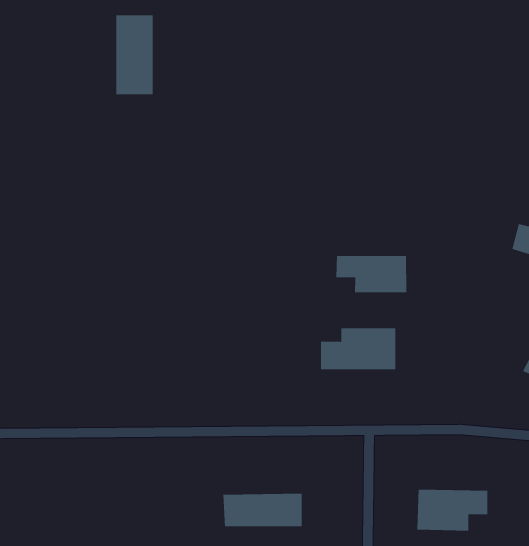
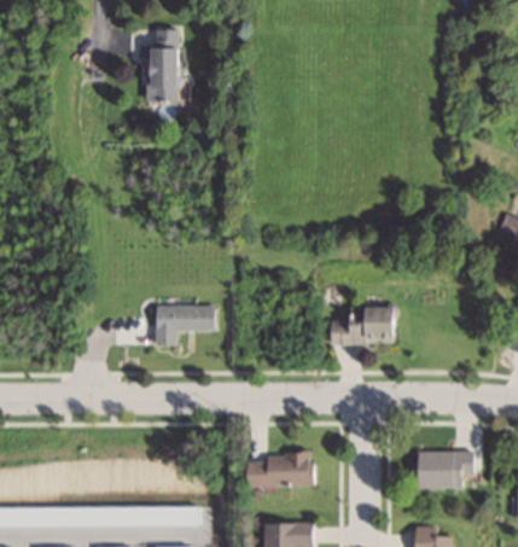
building: [336,255,407,293] -> none
building: none -> [155,305,220,345]

